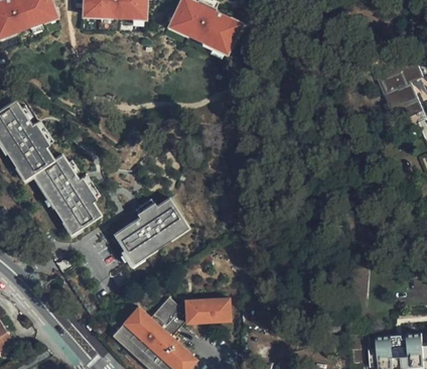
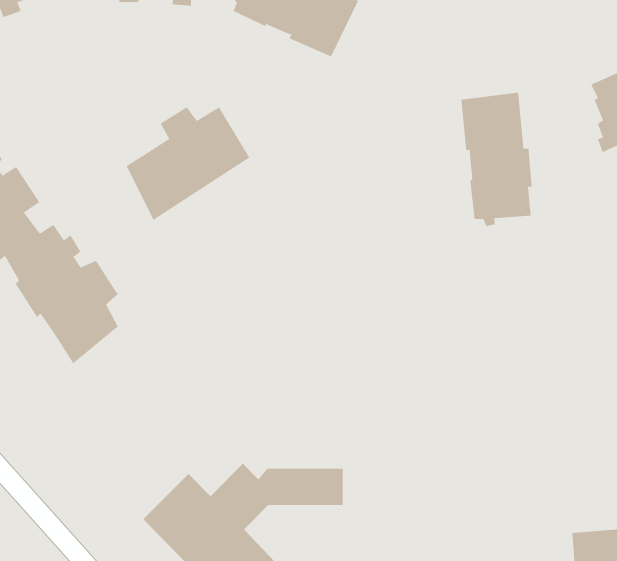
building: none -> [461,92,532,227]
building: [114,199,187,266] -> [126,106,250,221]

